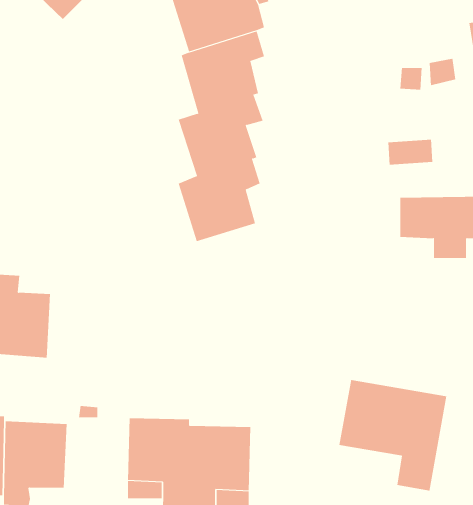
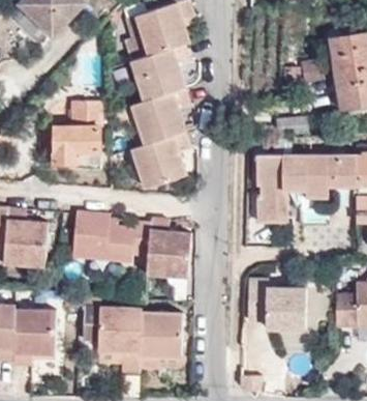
building: none -> [52,102,99,163]
building: none -> [253,156,286,222]
building: none -> [72,211,190,275]

